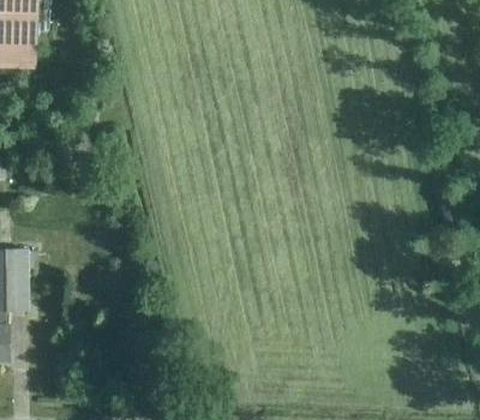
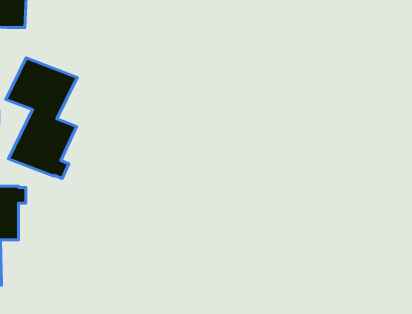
building: none -> [6,58,77,178]

